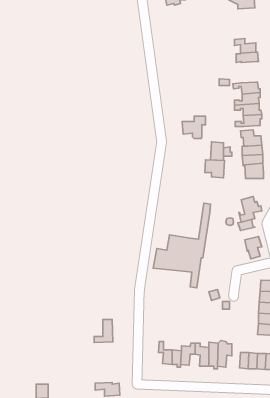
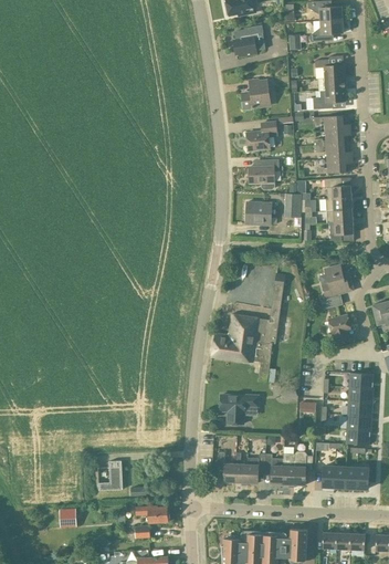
building: none -> [311,19,344,41]
building: none -> [233,24,265,56]
building: none -> [242,79,270,108]
building: none -> [314,88,346,108]
building: none -> [246,121,277,149]
building: [205,160,224,178] -> [246,201,272,224]
building: none -> [220,394,259,422]
building: [94,320,113,343] -> [98,460,123,490]

